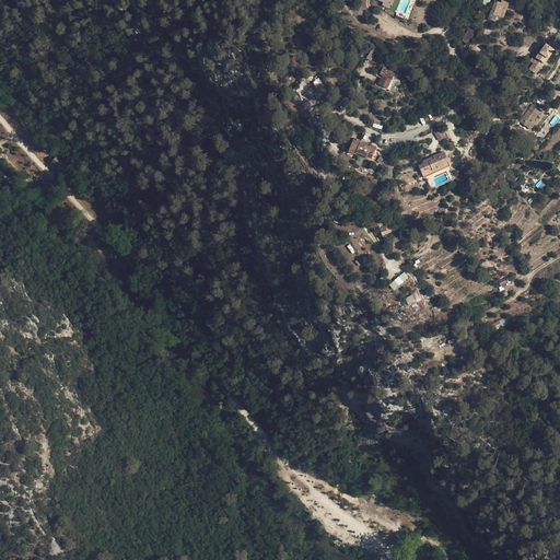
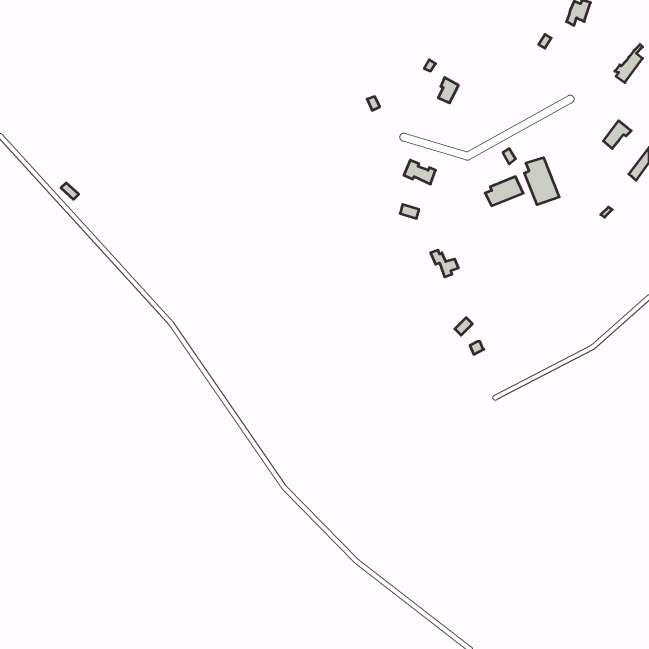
building: none -> [524,158,559,205]

